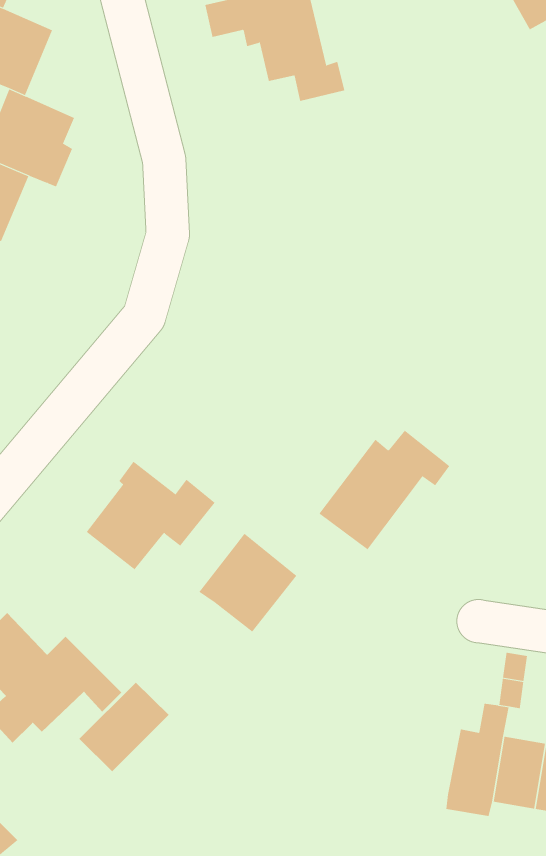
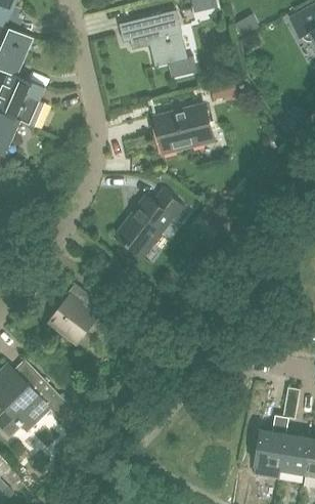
building: none -> [153,104,215,156]
building: [319,430,450,550] -> [115,191,188,258]
building: [199,533,297,632] -> none
building: [78,682,170,772] -> none

